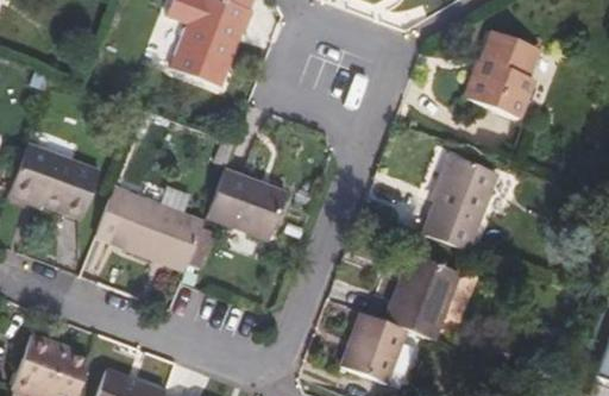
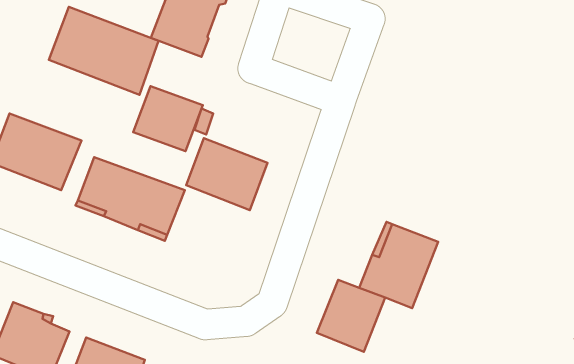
building: [469,33,535,117] -> none
building: none -> [49,7,158,95]
building: none -> [133,86,203,151]
building: [423,156,498,250] -> none

